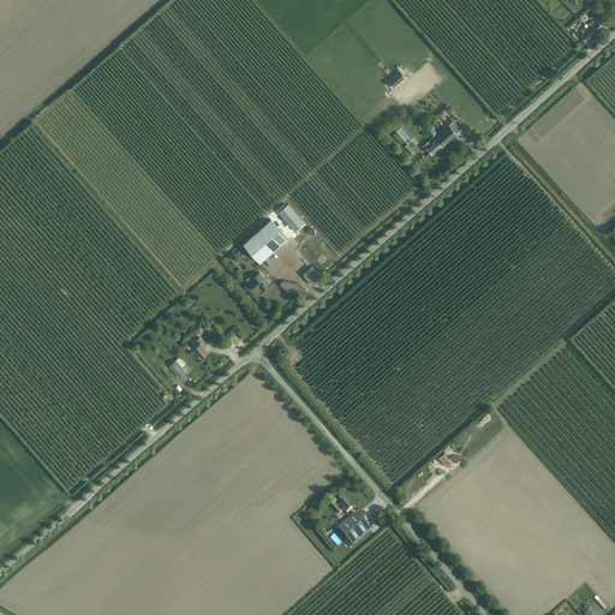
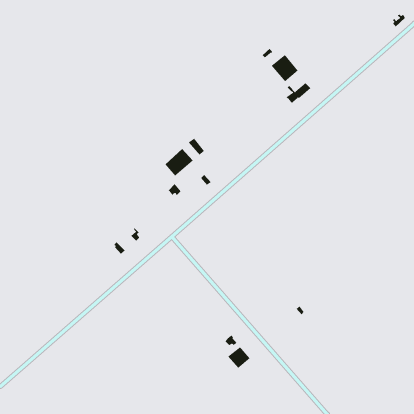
building: none -> [271,54,299,82]

